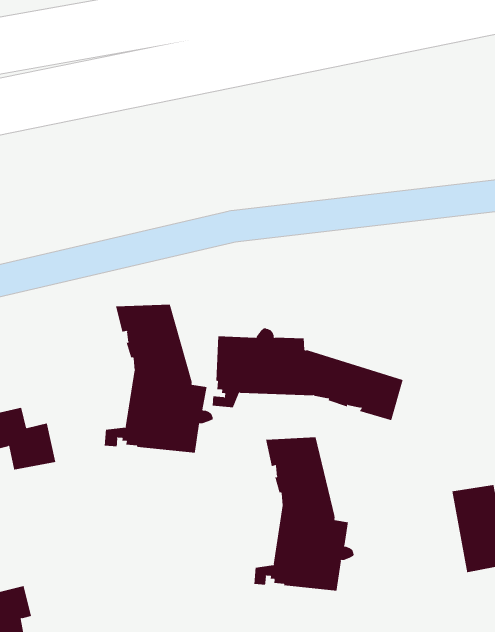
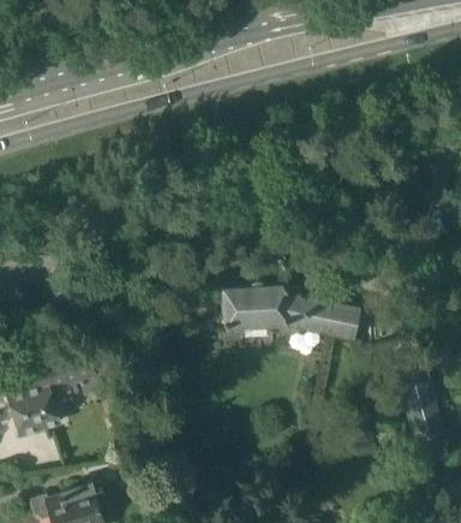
building: [104,304,213,454] -> none
building: [254,436,354,591] -> none

